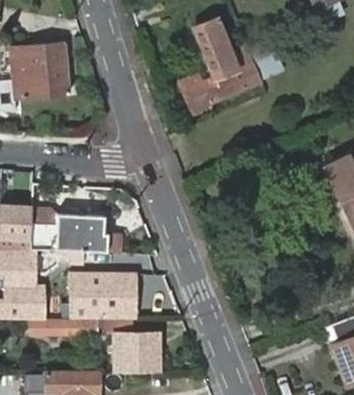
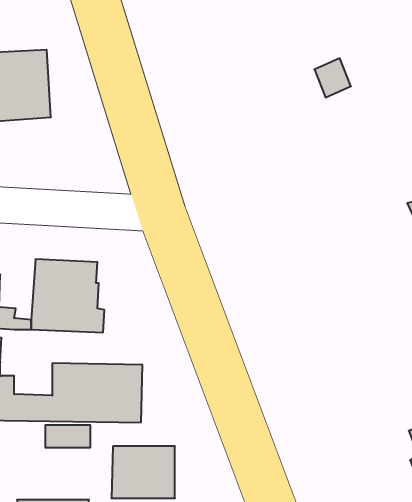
building: [179,19,260,112] -> none

